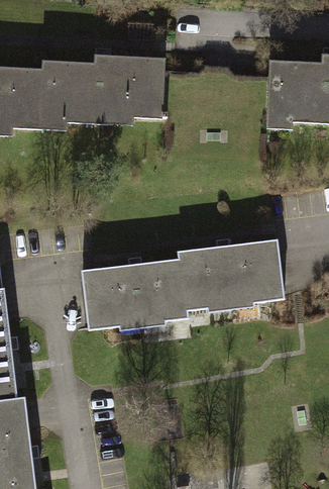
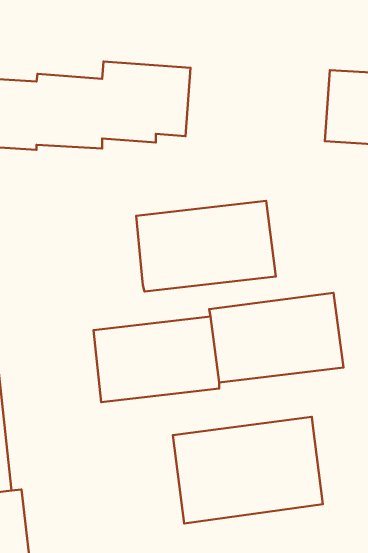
building: none -> [136,201,276,292]
building: none -> [173,417,323,524]

